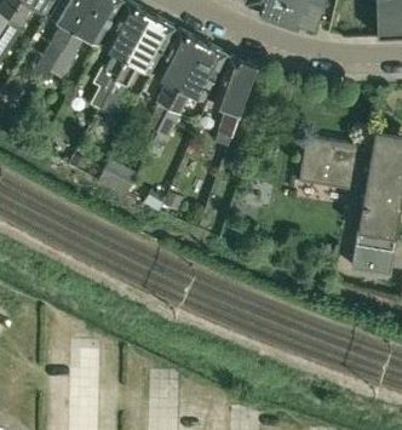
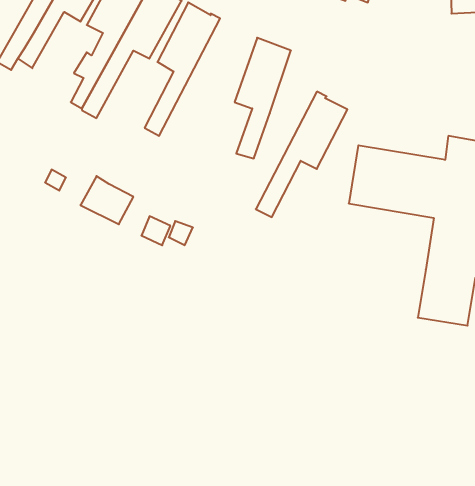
building: [156,42,225,137] -> [256,92,347,217]

